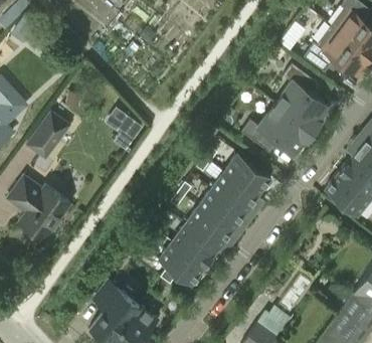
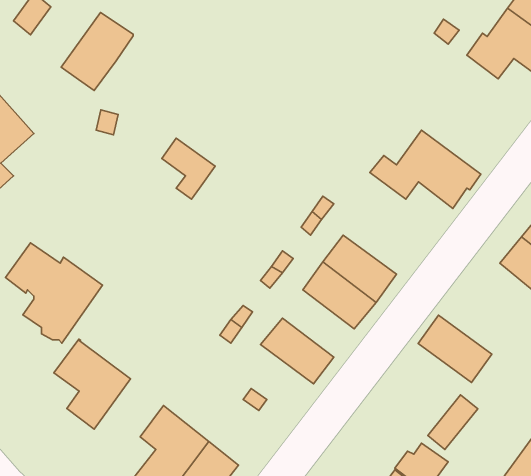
building: [274,64,329,133] -> none
building: [25,111,71,161] -> [61,12,133,91]
building: [224,154,271,197] -> [418,315,492,382]
building: [185,207,231,250] -> none
building: none -> [54,339,130,429]
building: [158,242,205,286] -> none

